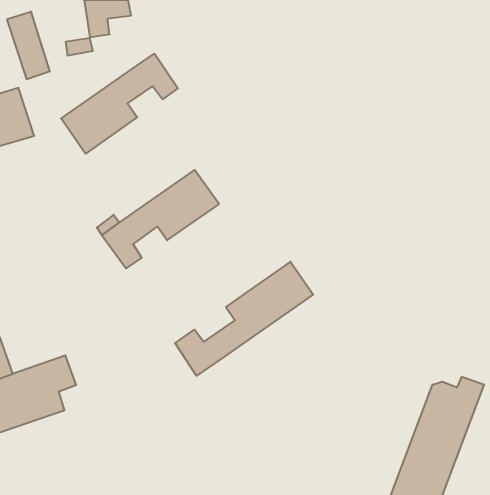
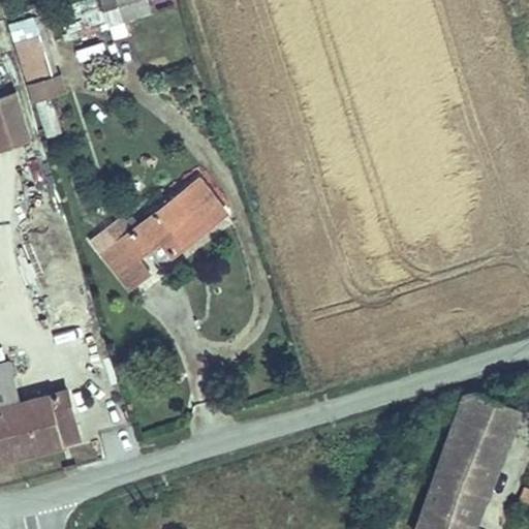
building: [61,54,178,154] -> none
building: [175,262,313,376] -> none

